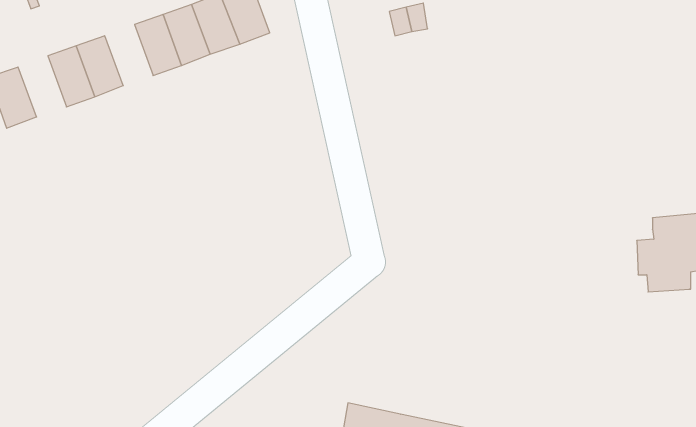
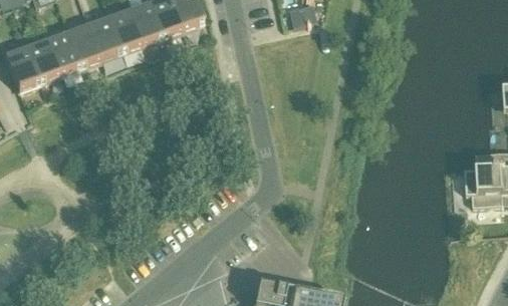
building: none -> [88,18,122,61]
building: none -> [27,40,61,83]

